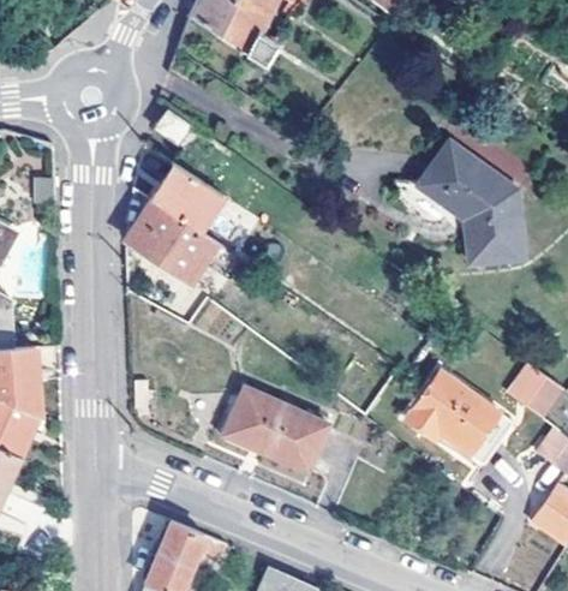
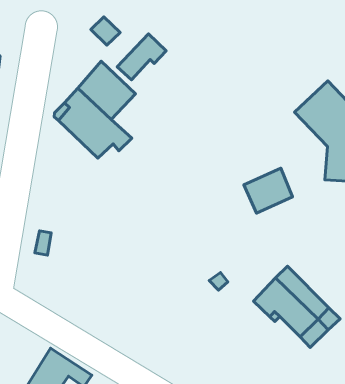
building: none -> [117,34,166,80]
building: none -> [244,168,292,213]
building: [223,387,329,470] -> none

